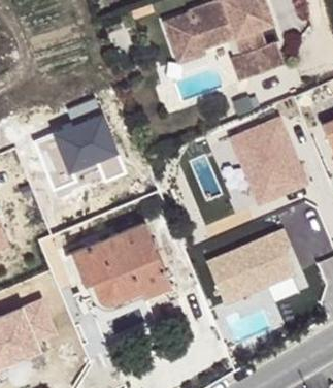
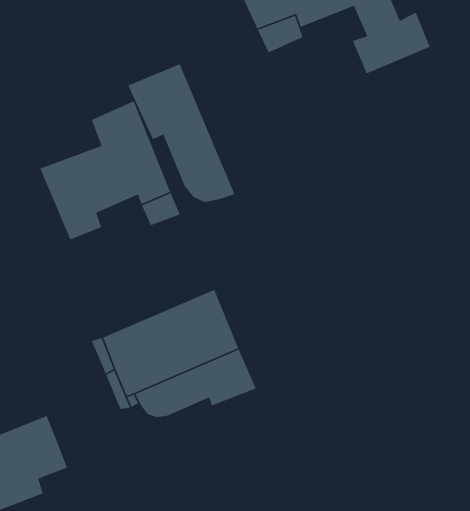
building: none -> [127,63,235,203]
building: [229,119,305,205] -> none
building: [206,231,295,304] -> none

